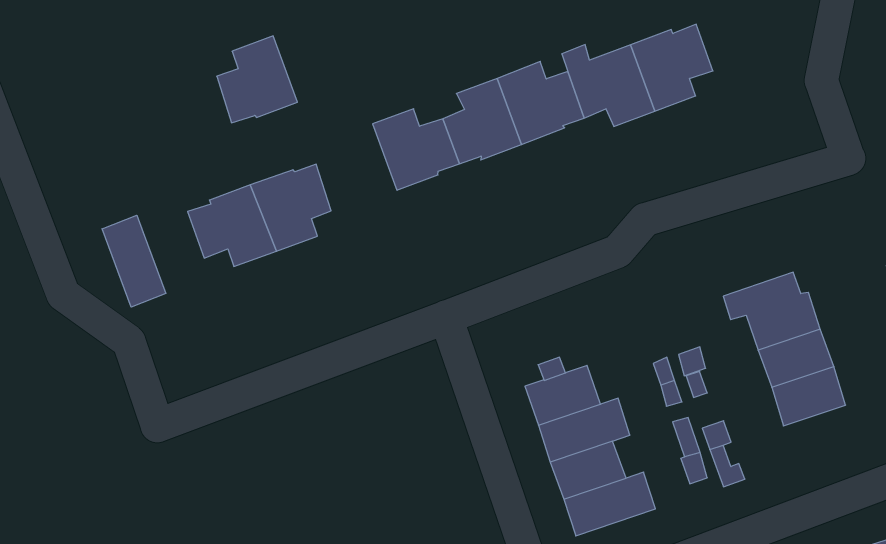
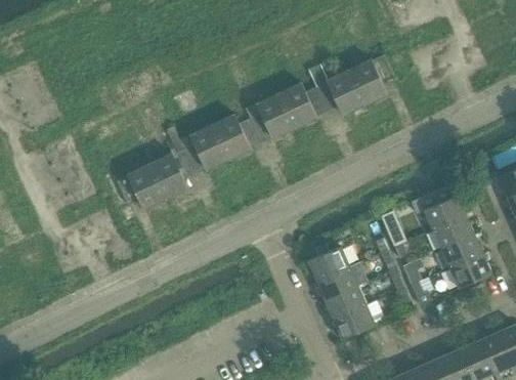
building: [217,36,297,123] -> [183,125,228,174]
building: [102,215,166,307] -> none
building: none -> [449,255,491,289]

